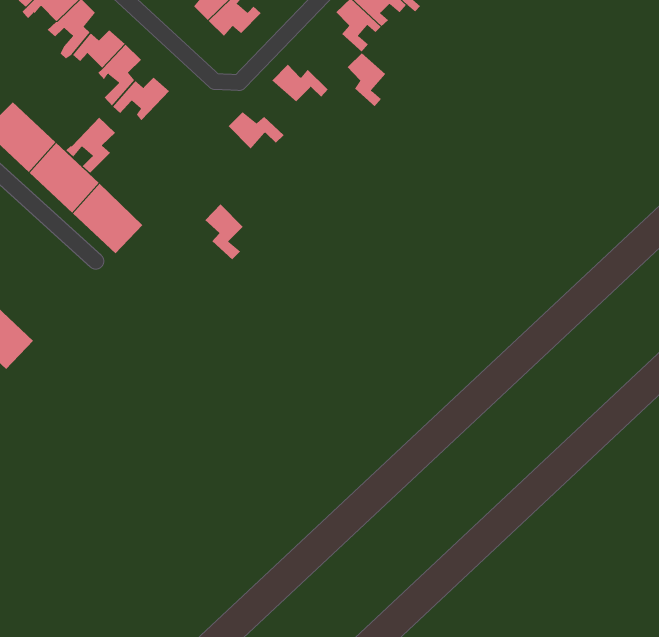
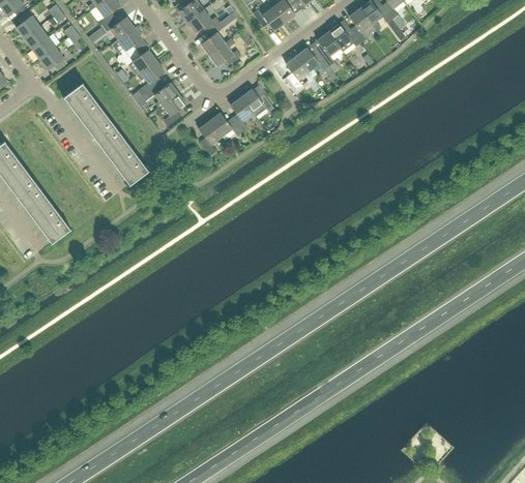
building: [347,53,386,107] -> [230,97,253,131]
building: [65,117,116,174] -> [154,93,186,126]
building: [204,203,244,260] -> [198,120,221,155]

